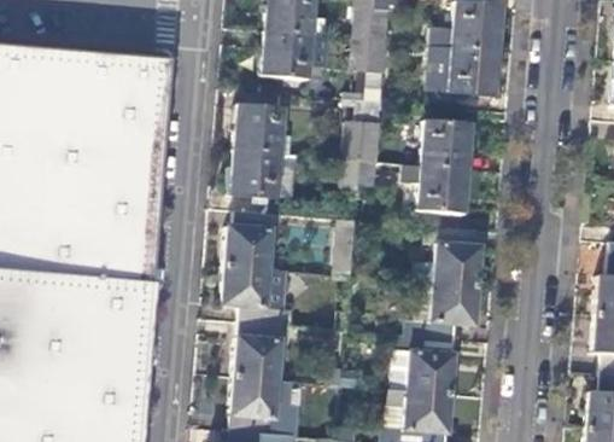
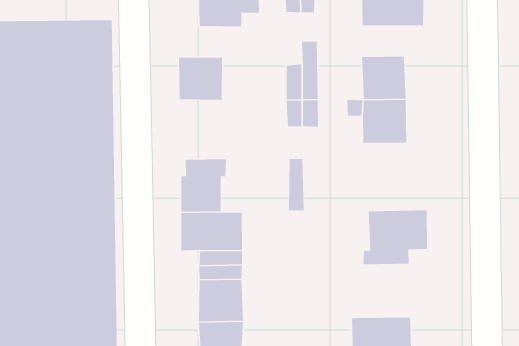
building: [229,147,279,197] -> none
building: [415,226,481,285] -> none
building: [393,335,455,394] -> none

